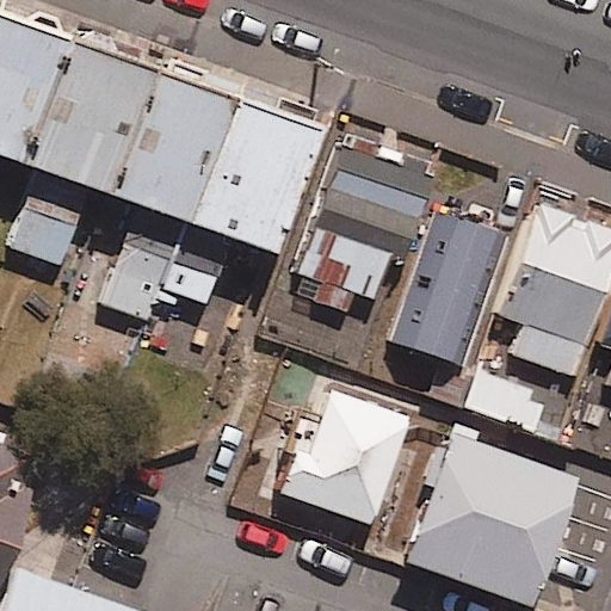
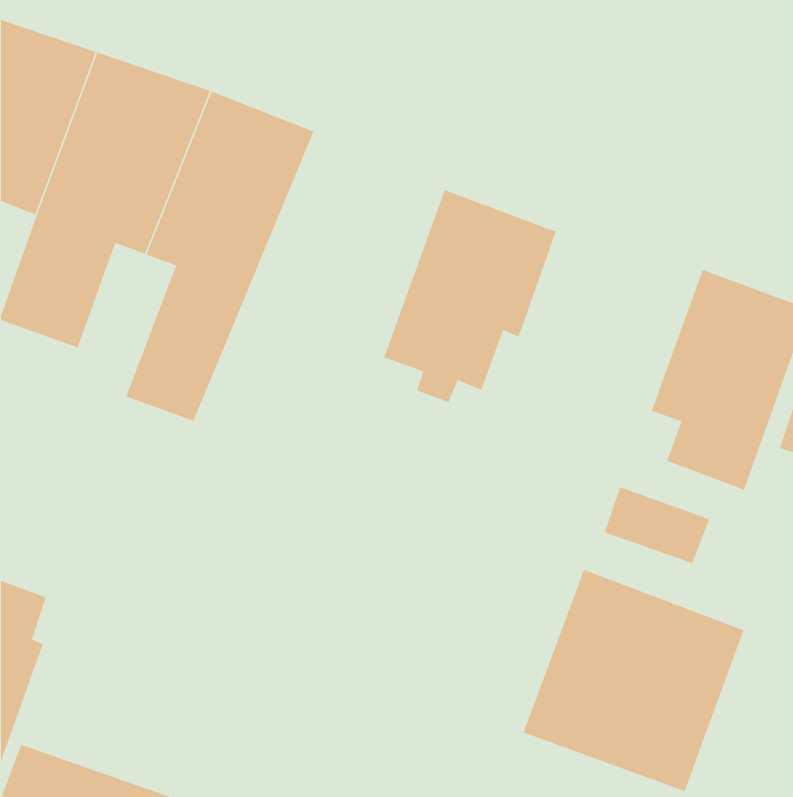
building: [167,101,332,306] -> none
building: [393,209,498,366] -> none
building: [278,393,405,524] -> none

